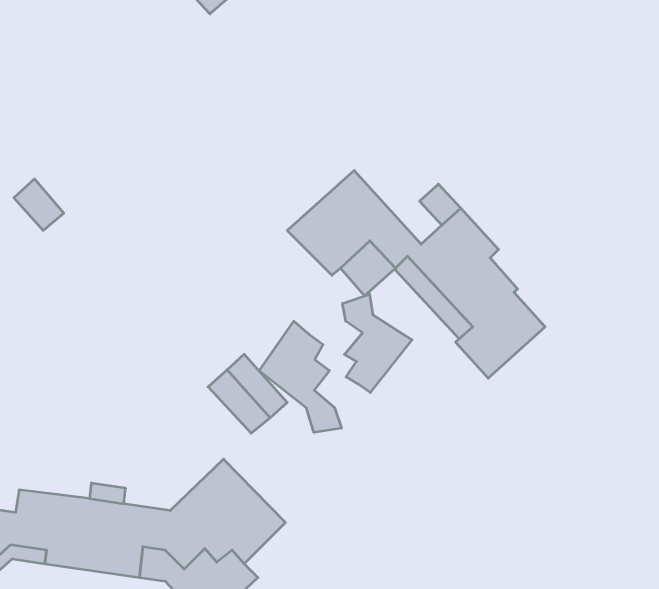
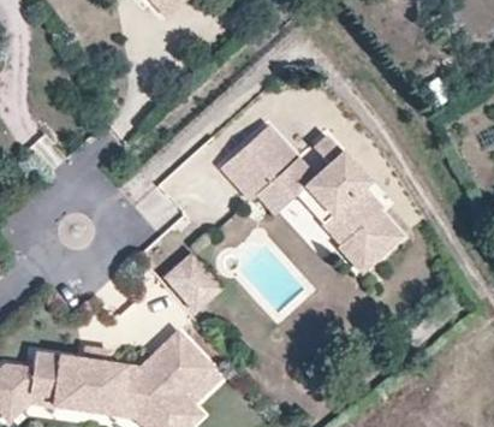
building: [343,294,412,393] -> none
building: [259,321,341,432] -> none

